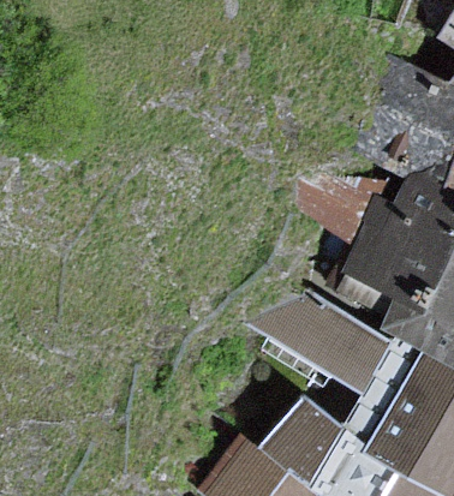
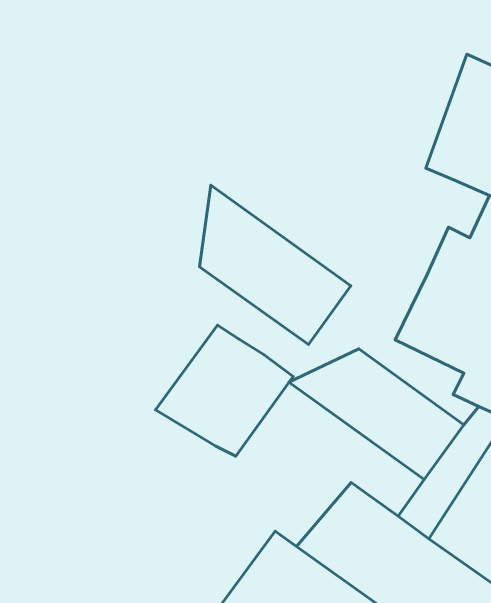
building: none -> [200,185,351,345]
building: none -> [156,325,293,456]

